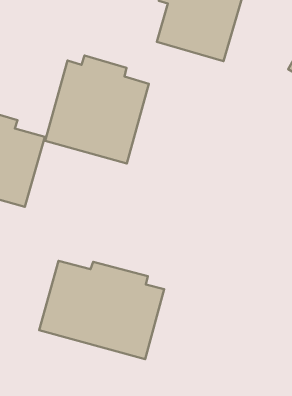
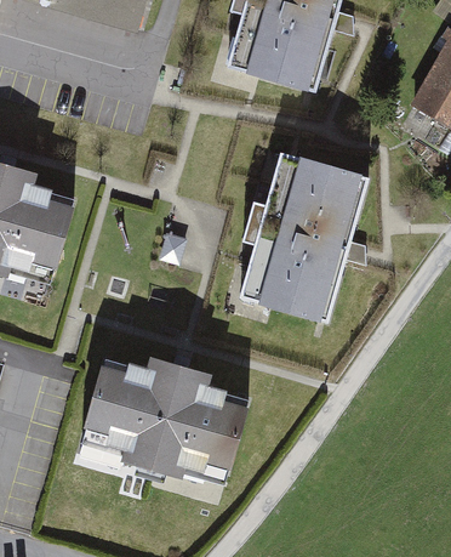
building: [45,56,149,164] -> none
building: none -> [234,153,366,323]

